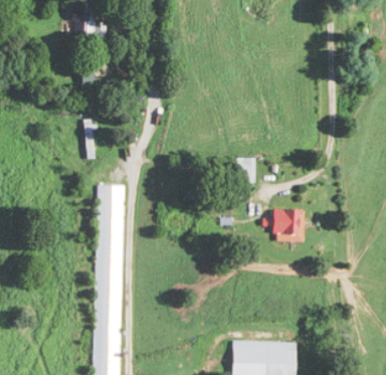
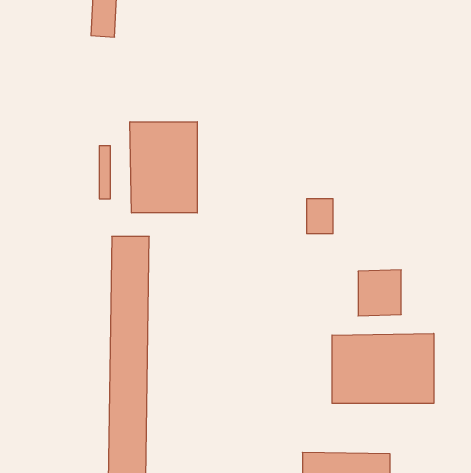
building: none -> [130,122,197,213]
building: none -> [332,333,434,403]

